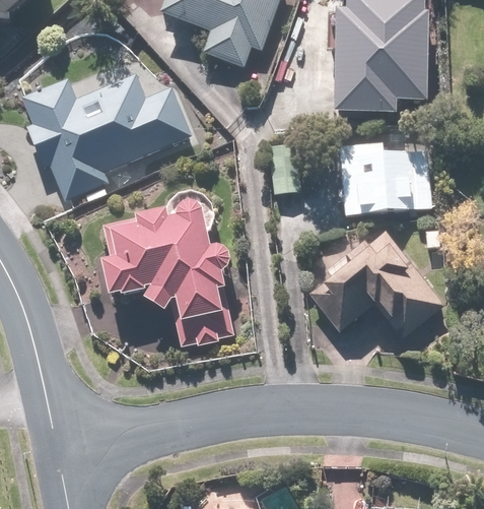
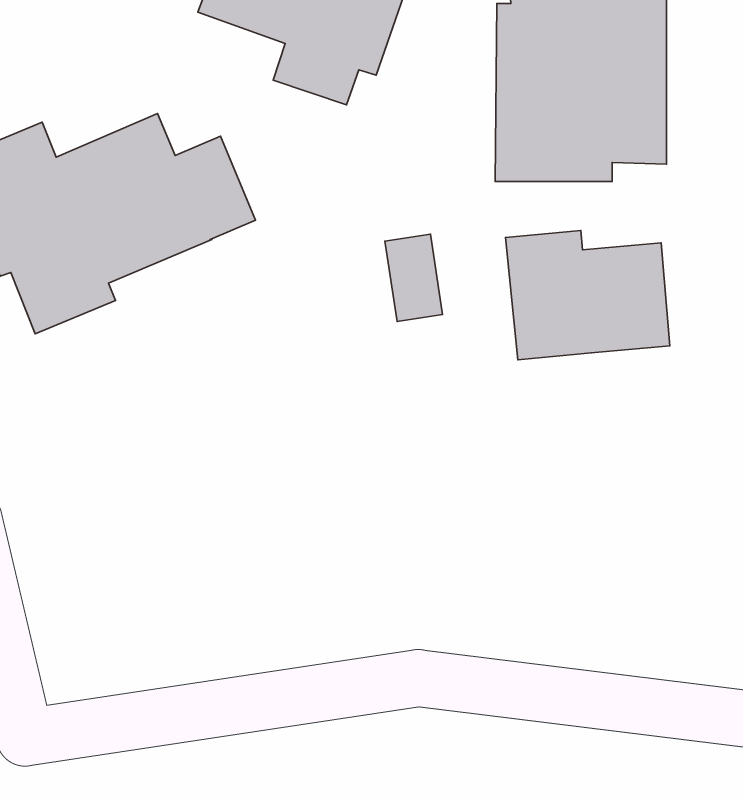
building: [99,201,235,345] -> none
building: [308,230,445,338] -> none

